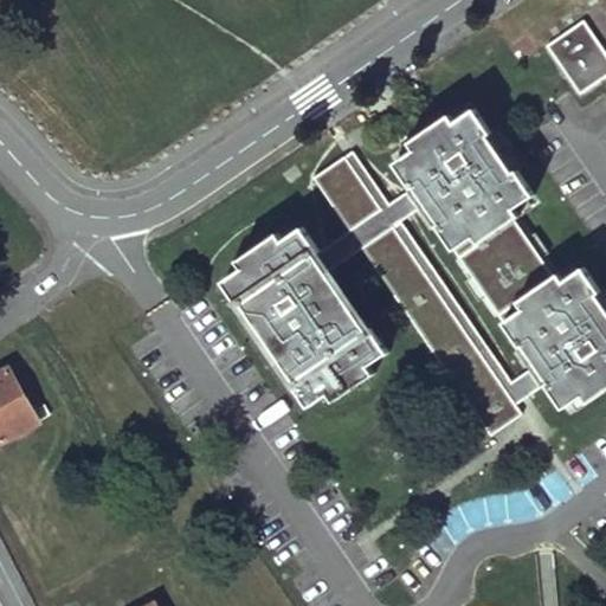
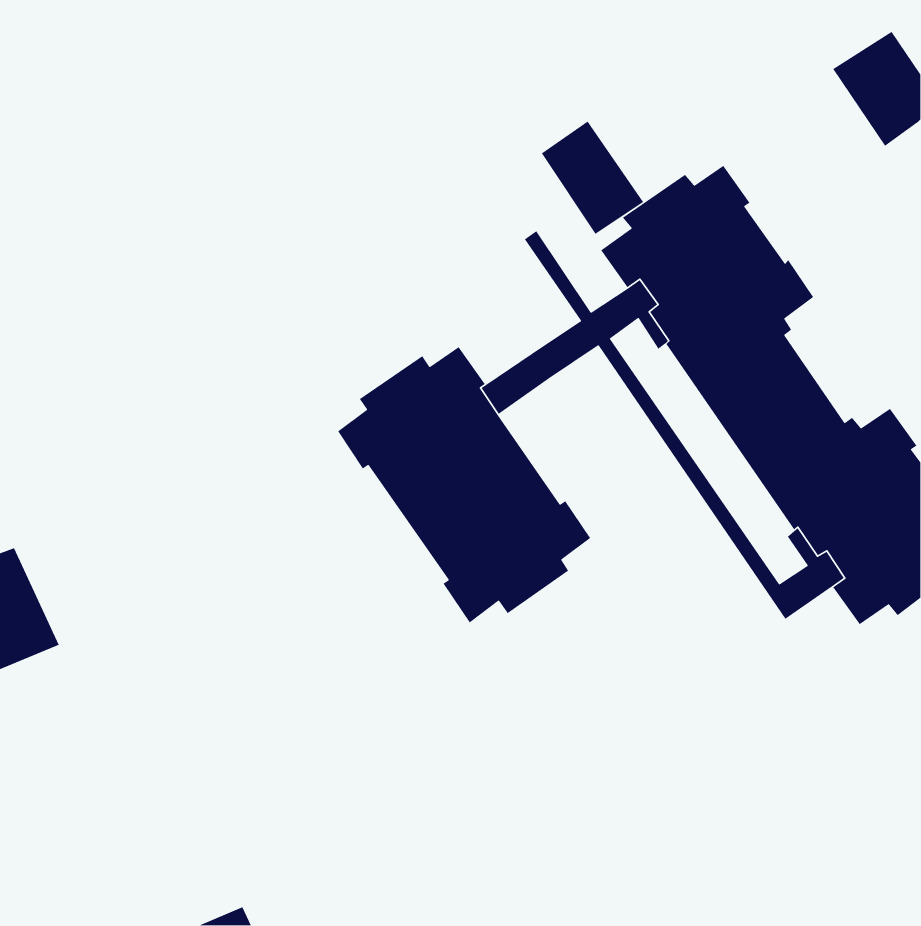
building: [311,156,379,231] -> [541,121,644,235]
building: [359,226,520,436] -> none

